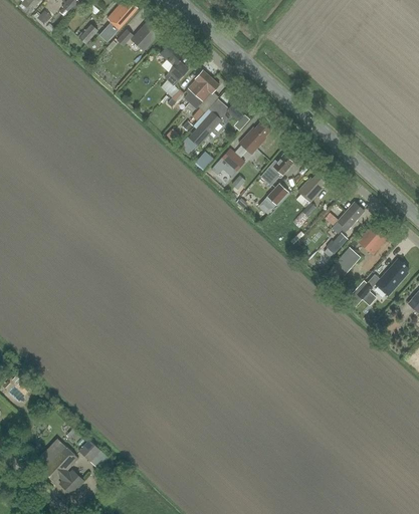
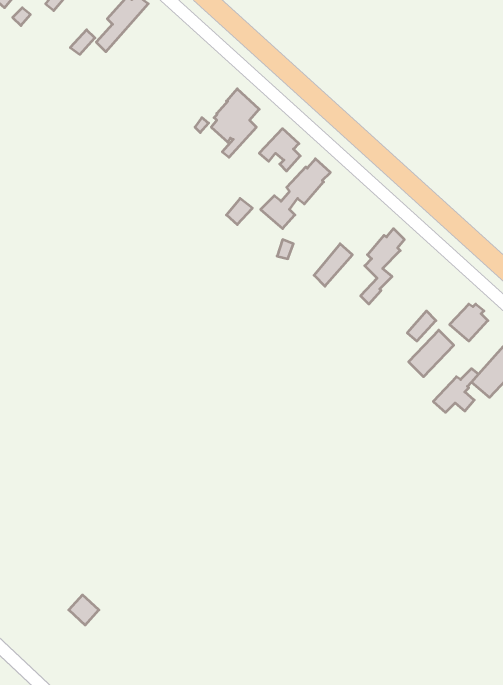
building: [117,21,159,49] -> none
building: [159,40,187,84] -> none
building: [188,108,221,149] -> none
building: [260,154,293,185] -> none
building: [333,201,364,230] -> none
building: [43,445,82,494] -> none

